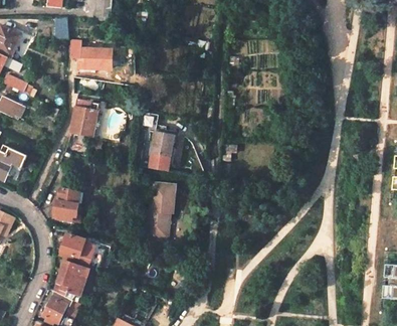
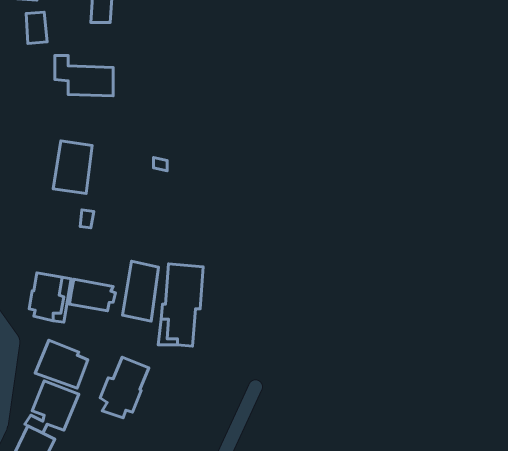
building: [150,131,174,171] -> [123,261,159,321]
building: none -> [69,279,115,311]
building: none -> [100,357,149,418]

